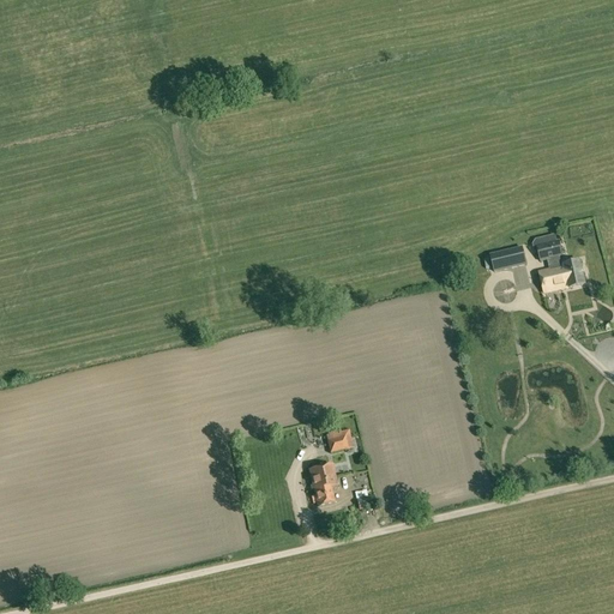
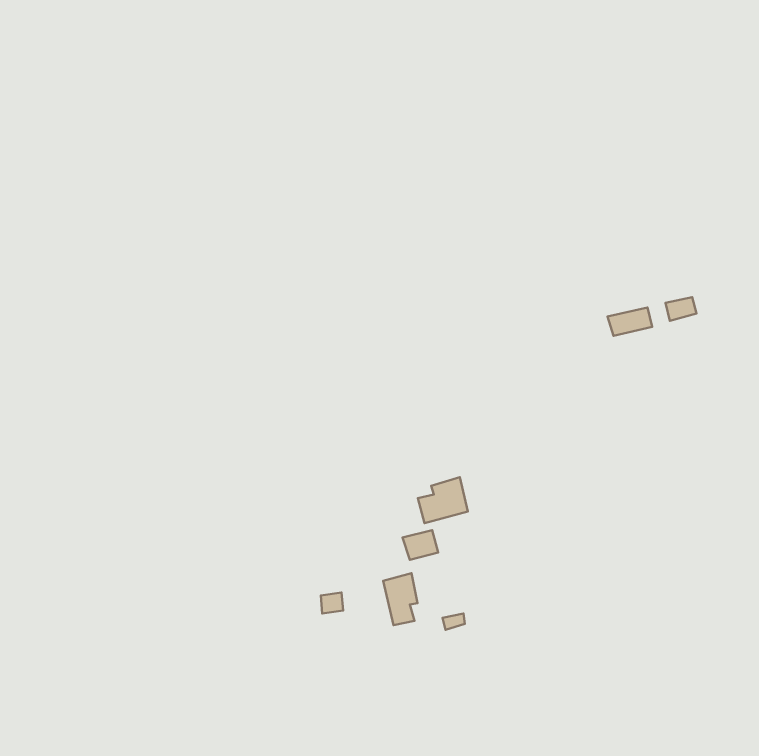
building: [540,259,585,290] -> none
building: none -> [418,477,468,523]

